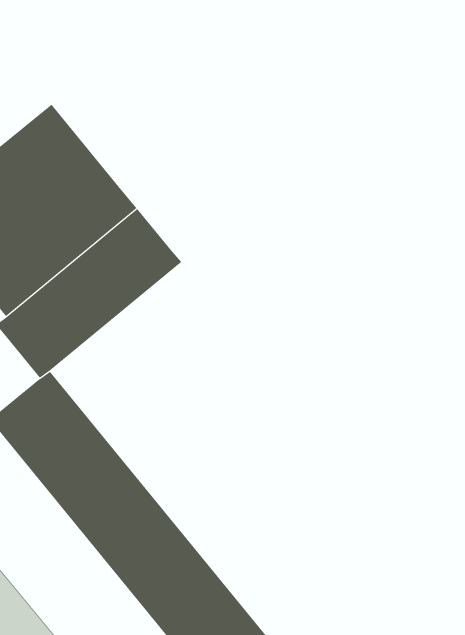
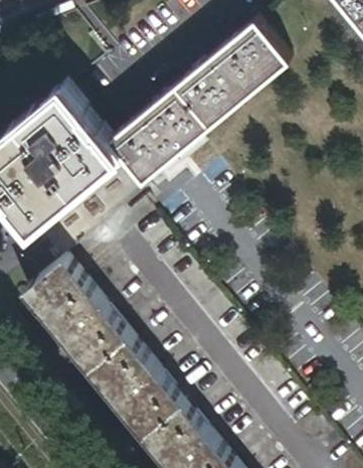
building: none -> [110,21,288,180]

